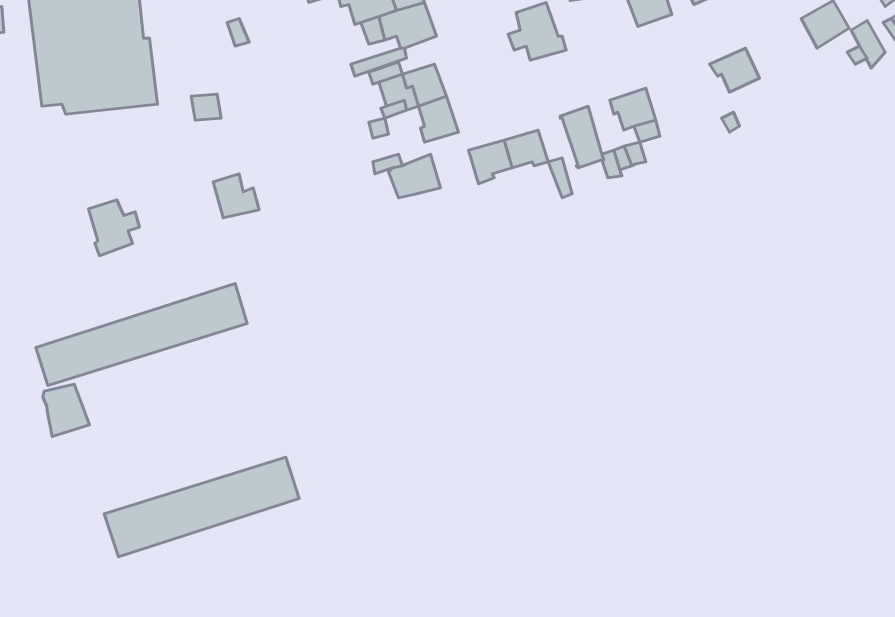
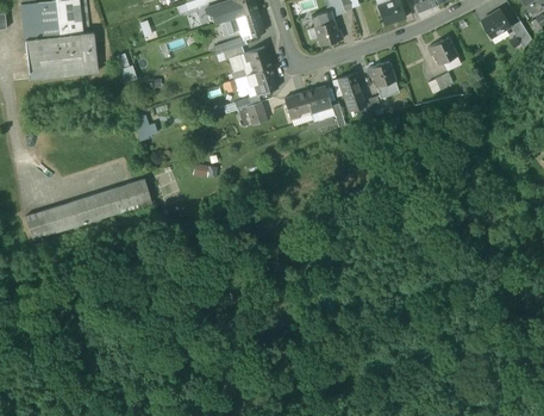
building: [88,200,139,256] -> none
building: [43,384,89,437] -> none
building: [104,457,299,557] -> none

